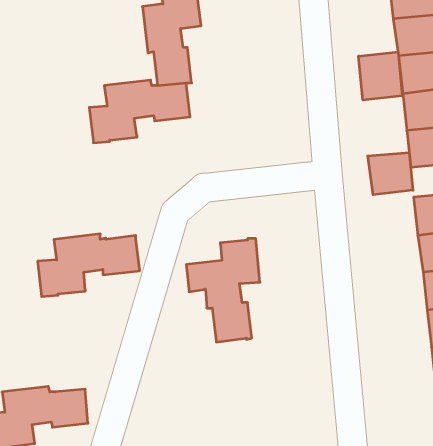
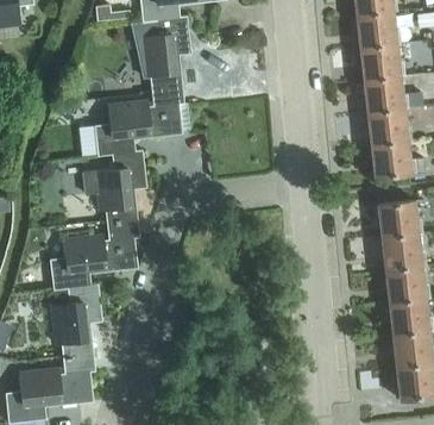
building: [359,52,402,100] -> none
building: [368,152,413,195] -> none
building: [186,239,260,342] -> [82,149,146,239]
building: none -> [51,282,102,373]

